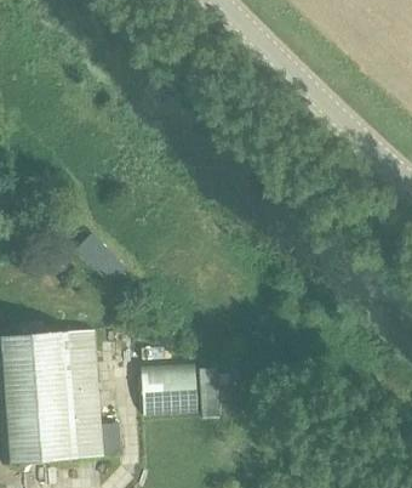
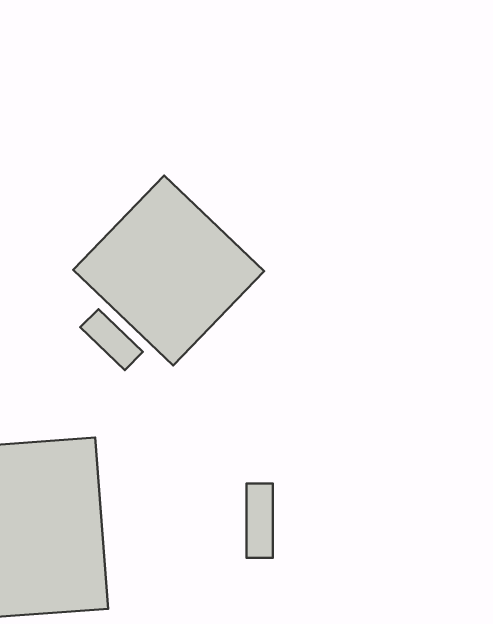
building: none -> [73,175,264,366]
building: [142,364,198,415] -> none

